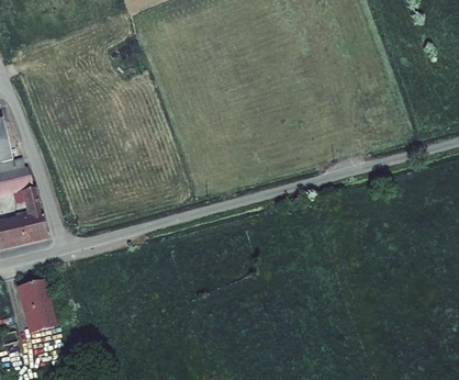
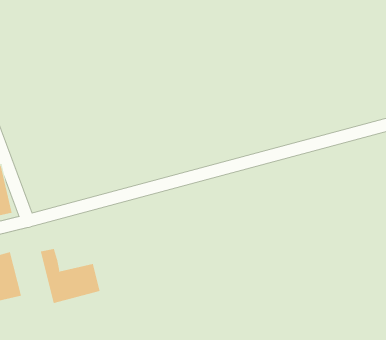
building: none -> [40,248,100,304]

